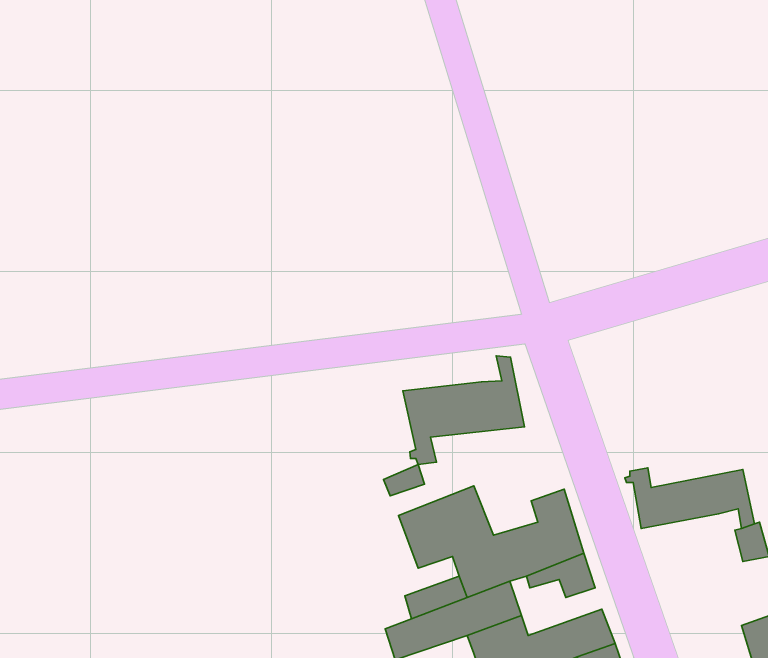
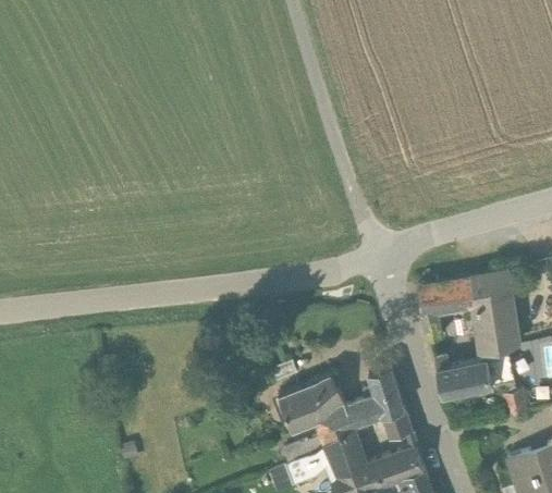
building: none -> [418,274,519,357]
building: [403,356,524,465] -> none

